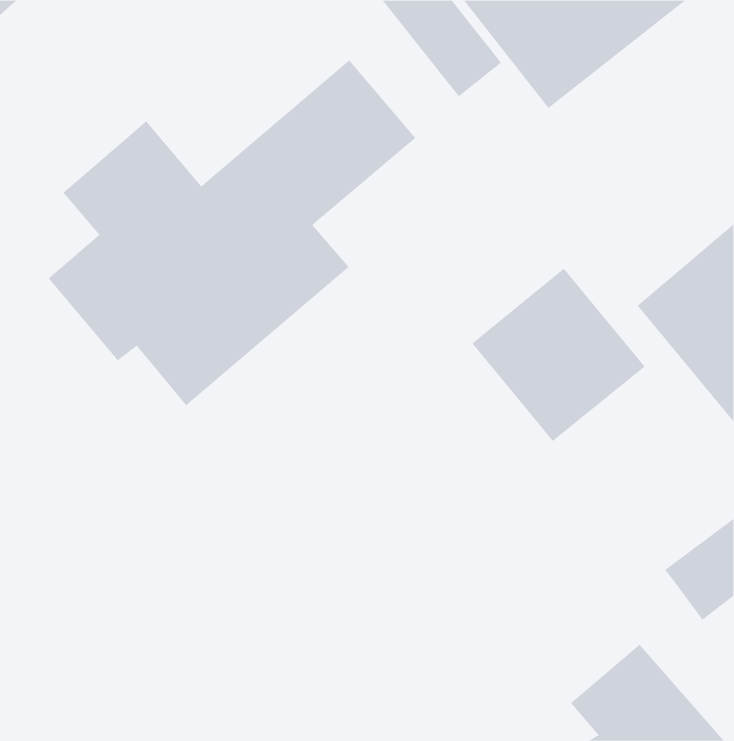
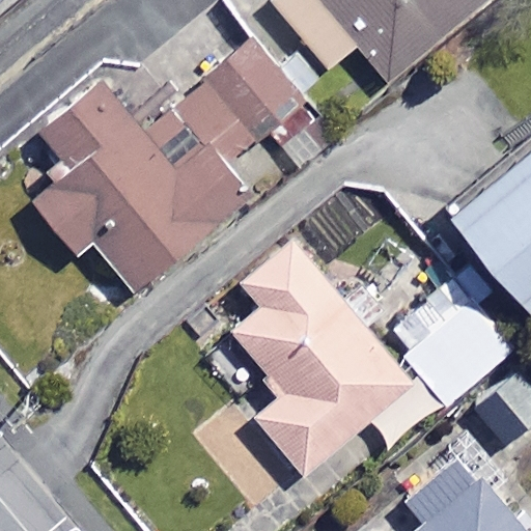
building: [471,268,645,442] -> [387,279,511,403]
building: none -> [232,239,411,473]

